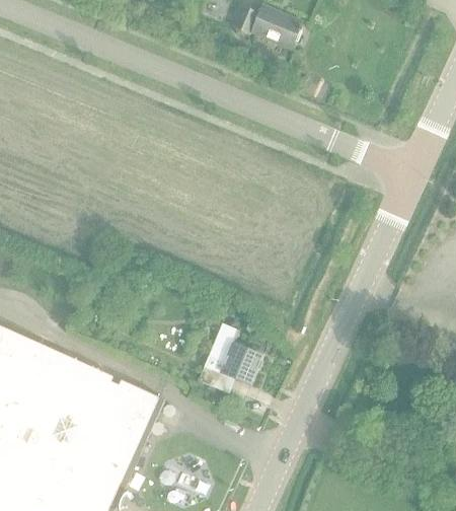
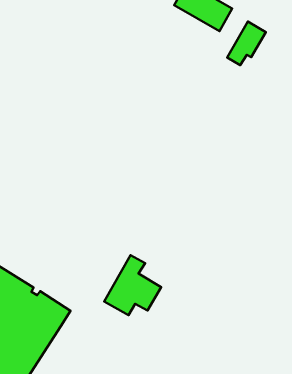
building: none -> [227,22,266,65]

